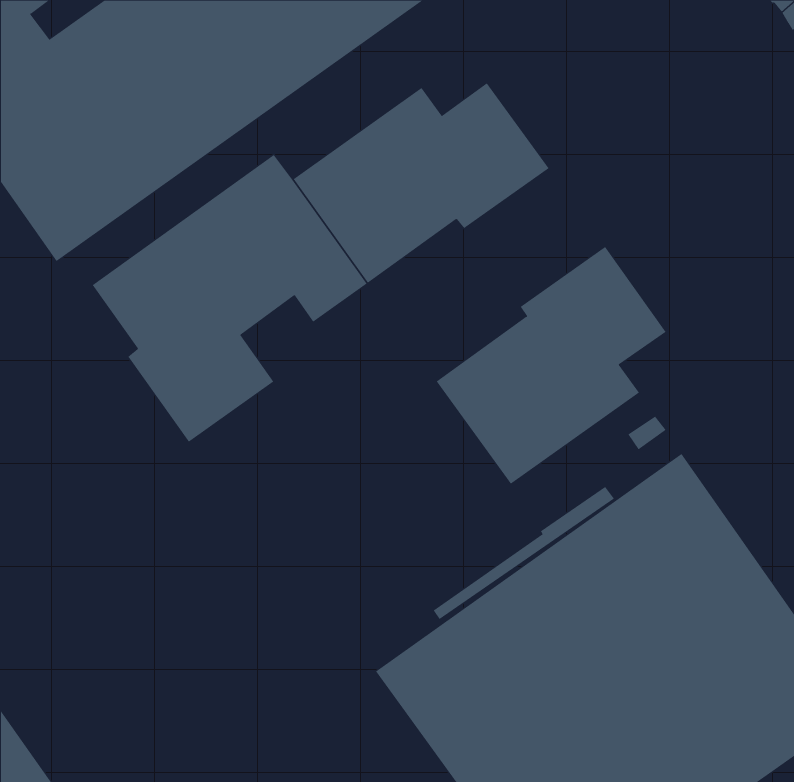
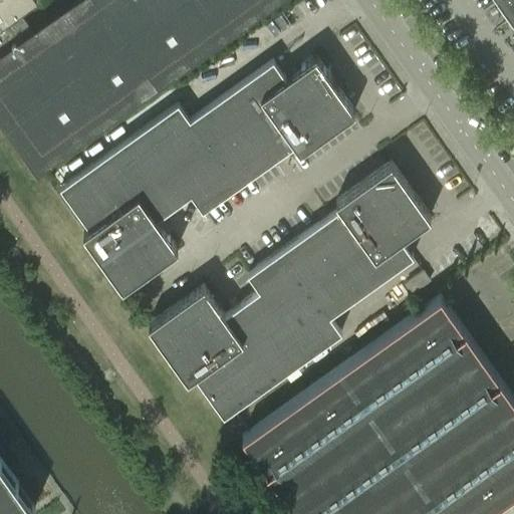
building: none -> [149,255,341,422]

